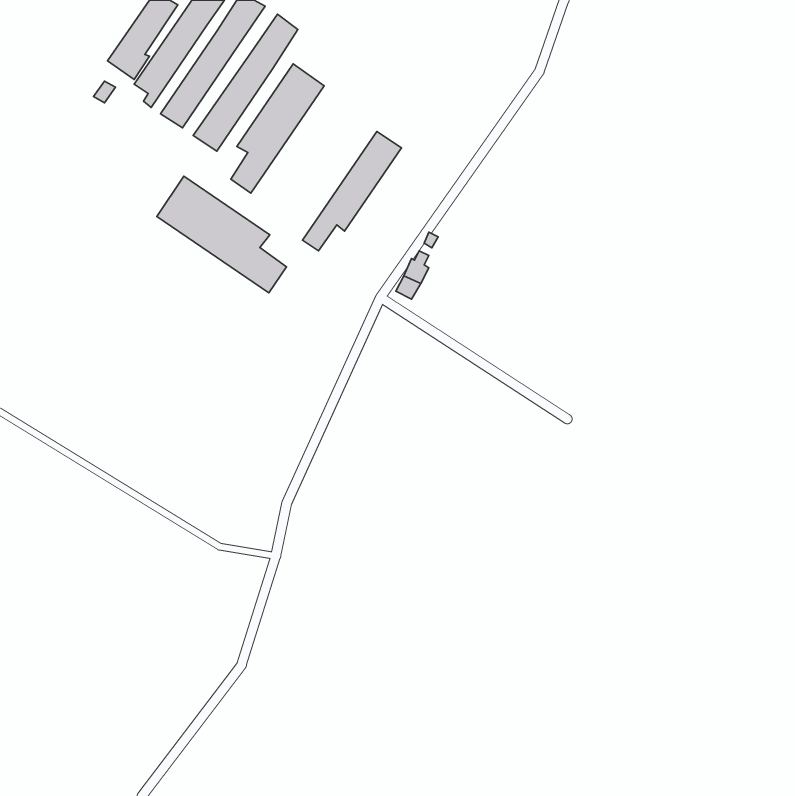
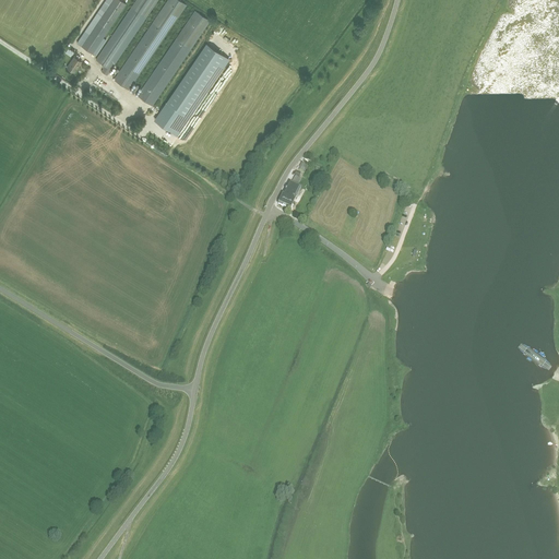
building: [303,131,401,251] -> none
building: [157,176,287,293] -> none

